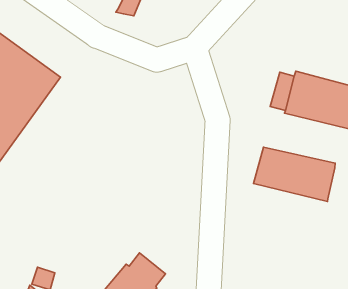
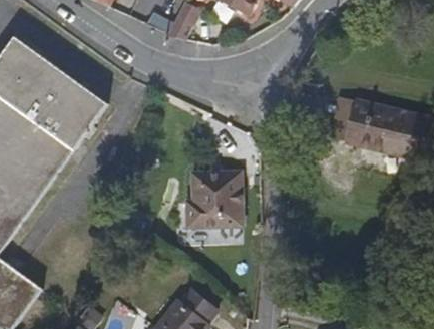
building: none -> [185,171,242,226]
building: [254,147,335,201] -> none

